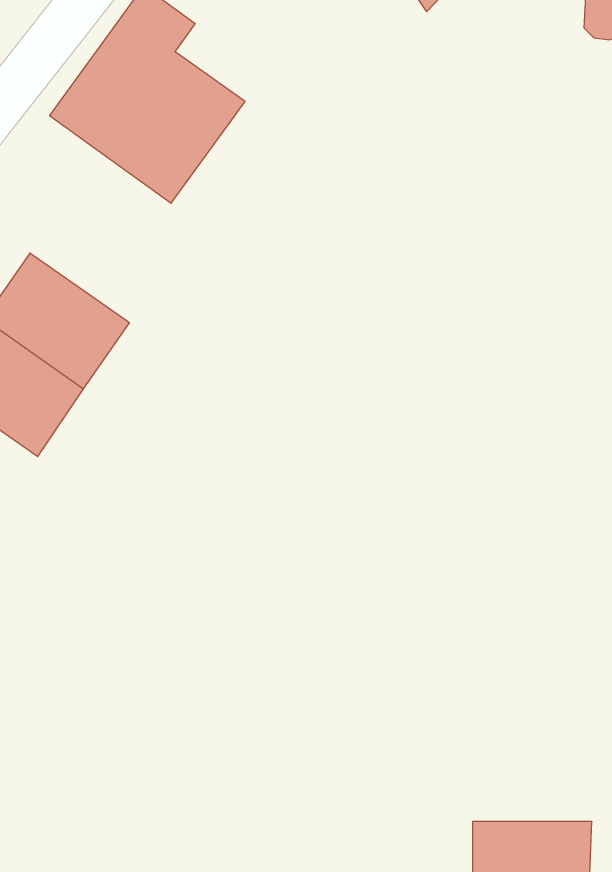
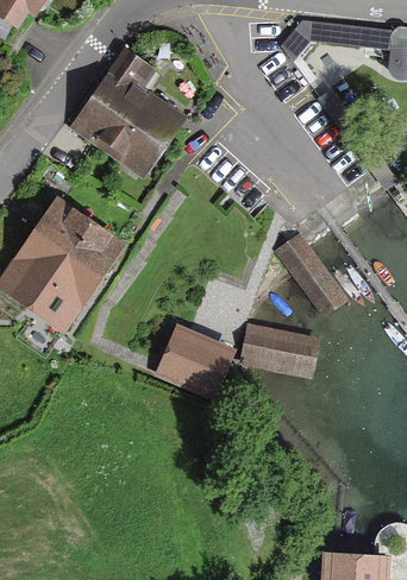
building: none -> [276,235,343,316]
building: none -> [156,326,223,391]
building: none -> [238,326,315,378]

